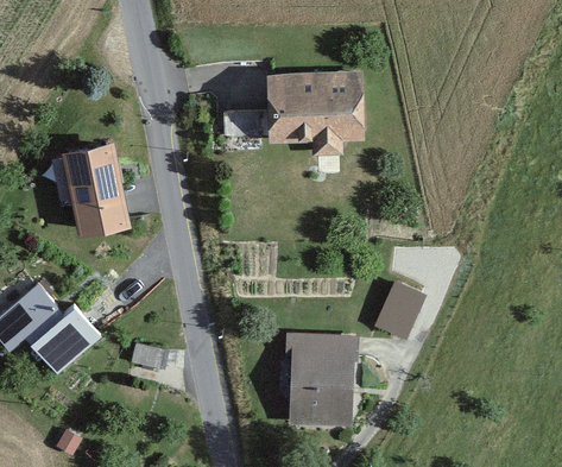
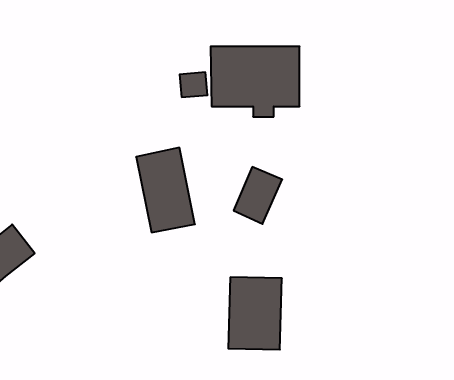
building: [63,144,131,241] -> [136,148,195,232]
building: [371,279,427,345] -> [234,167,282,224]
building: [27,298,105,372] -> none

